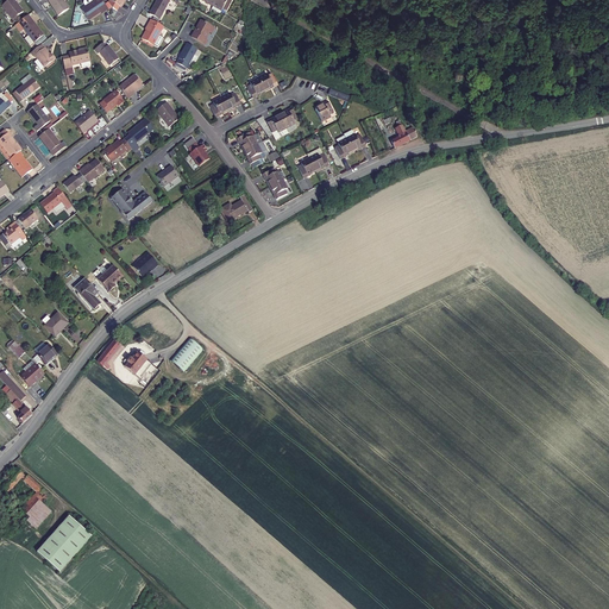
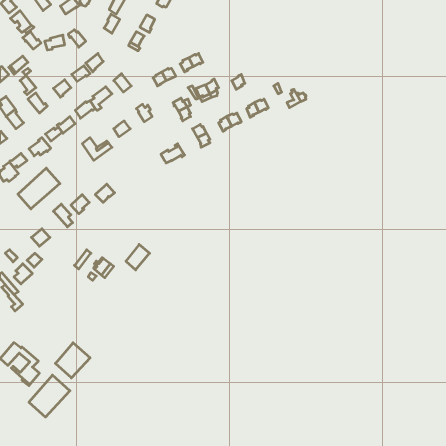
building: none -> [18,168,60,209]
building: none -> [55,343,90,378]

